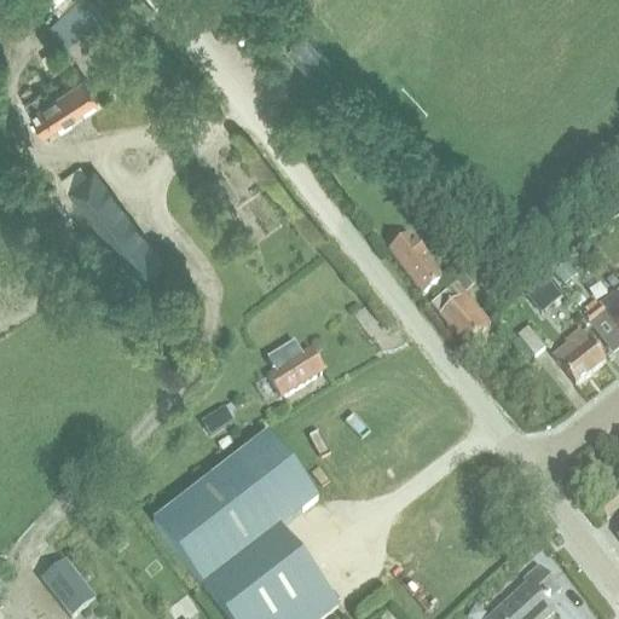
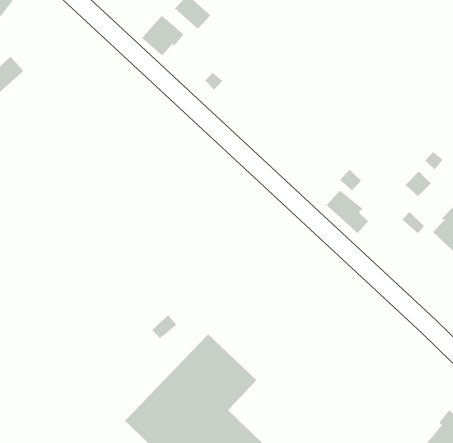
building: none -> [141,15,184,57]
building: [63,160,163,273] -> none
building: [389,235,441,291] -> none
building: [267,340,325,397] -> none

